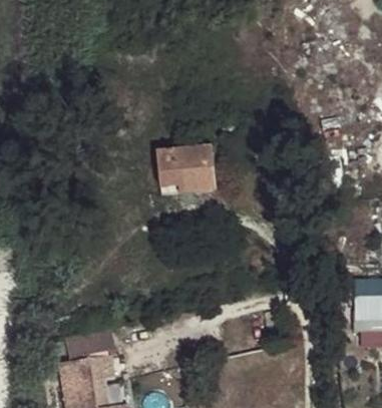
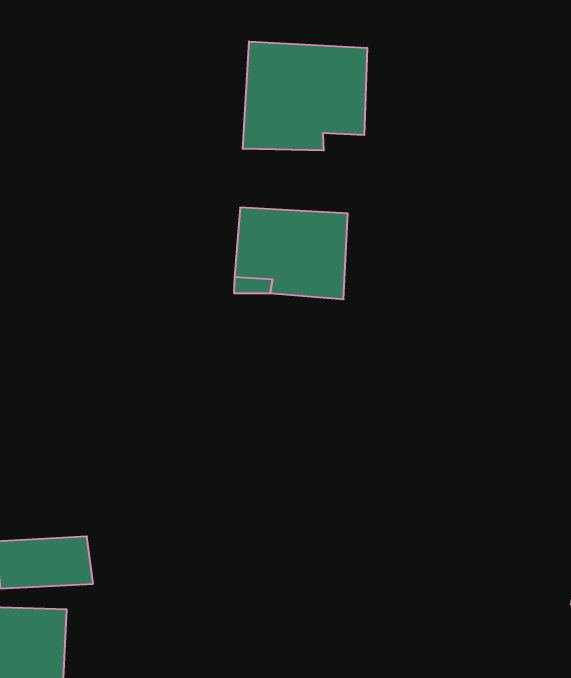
building: none -> [243,41,367,151]

